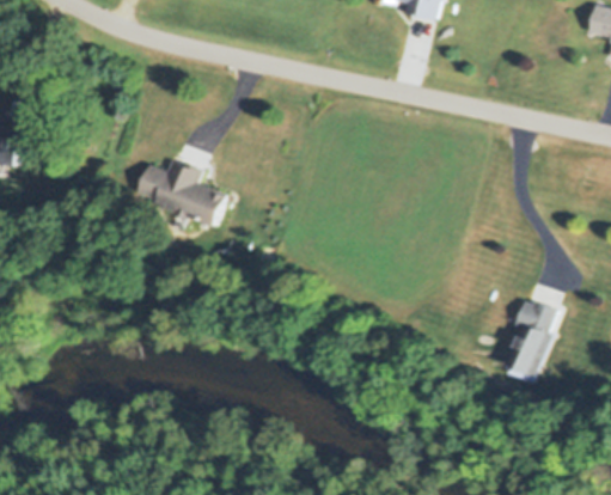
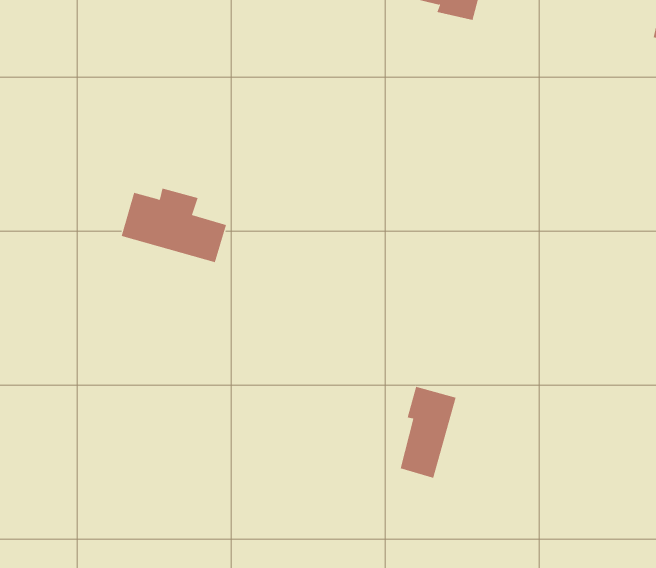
building: [511,299,558,377] -> [400,386,457,478]

